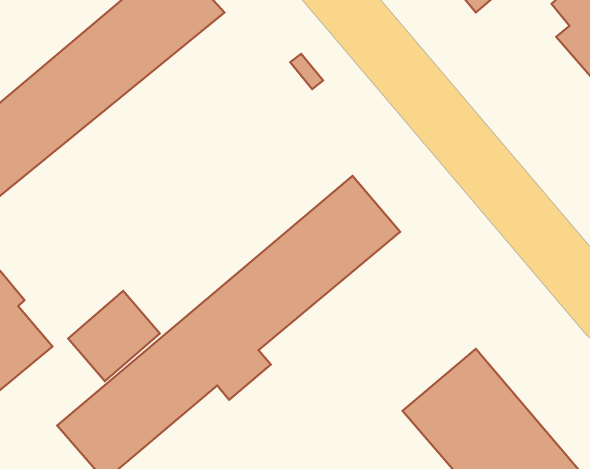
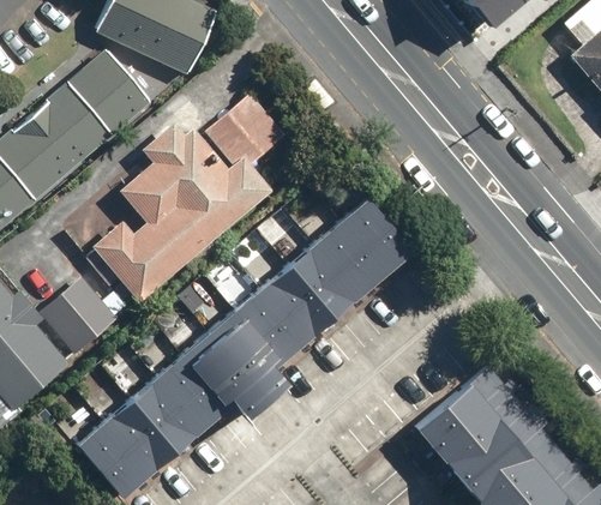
building: none -> [92,92,287,301]
building: [68,291,160,381] -> [40,265,130,354]

